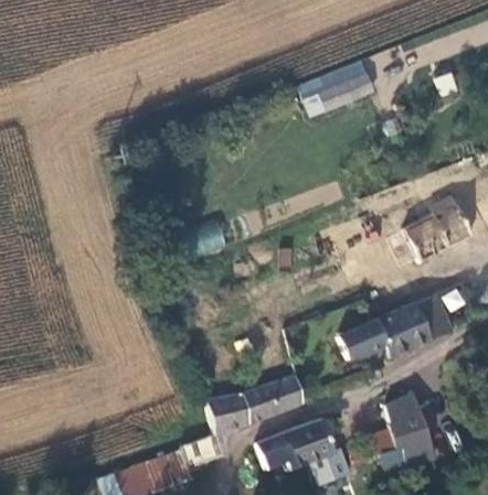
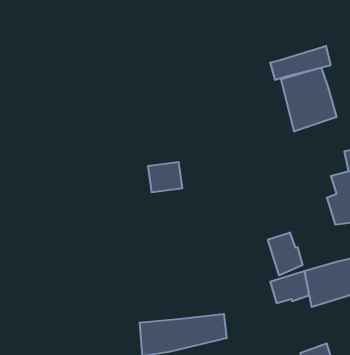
building: none -> [281,67,336,132]
building: none -> [268,232,303,275]

